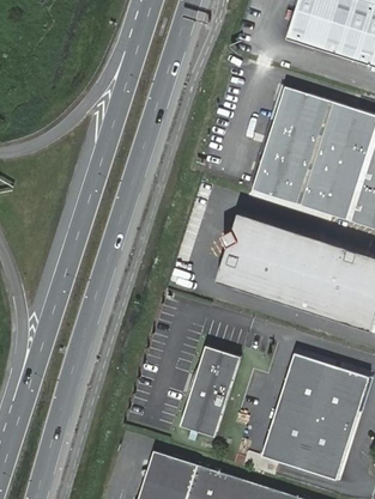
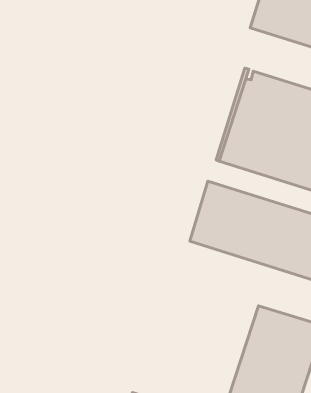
building: [181,347,241,438] -> none

